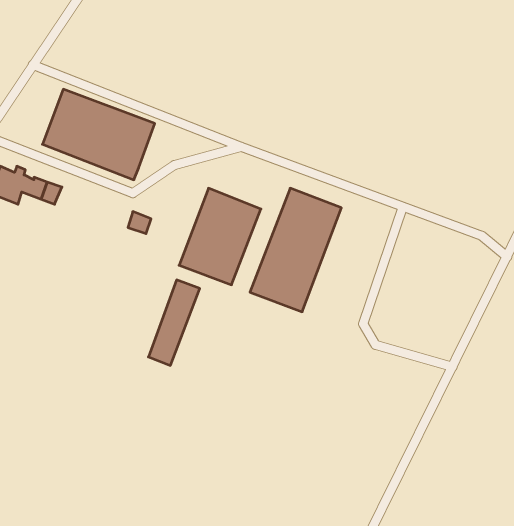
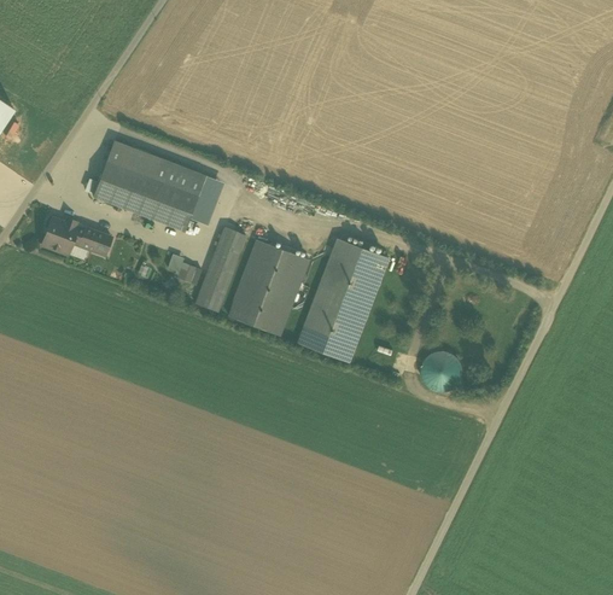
building: none -> [187,175,222,224]
building: [148,280,200,365] -> [194,227,245,311]
building: none -> [420,351,461,392]

